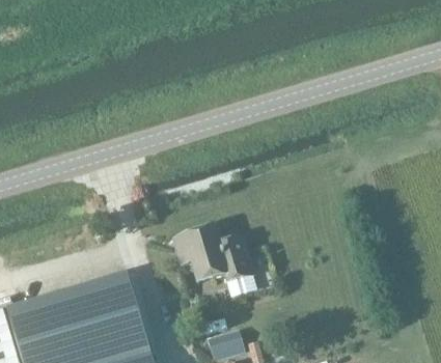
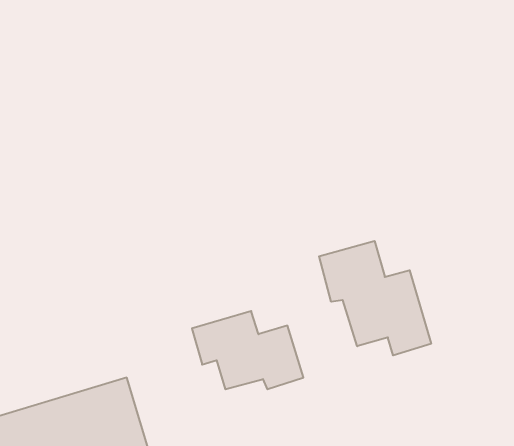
building: none -> [319,241,431,355]

